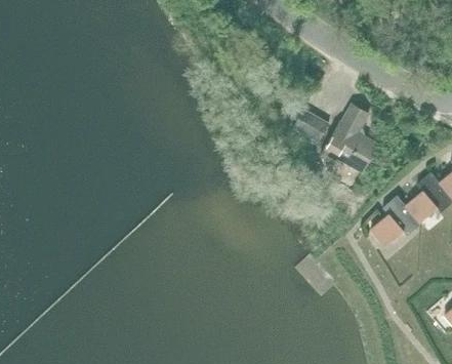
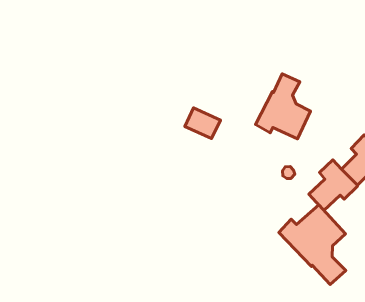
building: [293,108,330,140] -> [185,108,220,139]
building: none -> [279,205,346,284]

